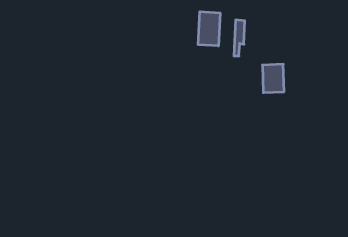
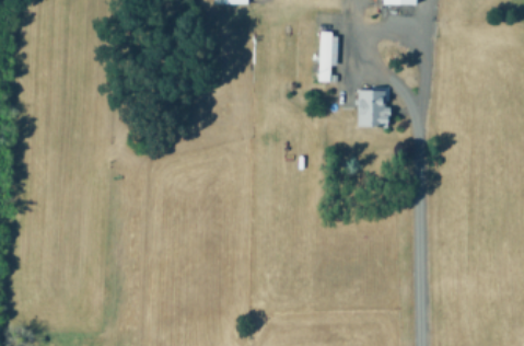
building: [198,12,220,46] -> none

